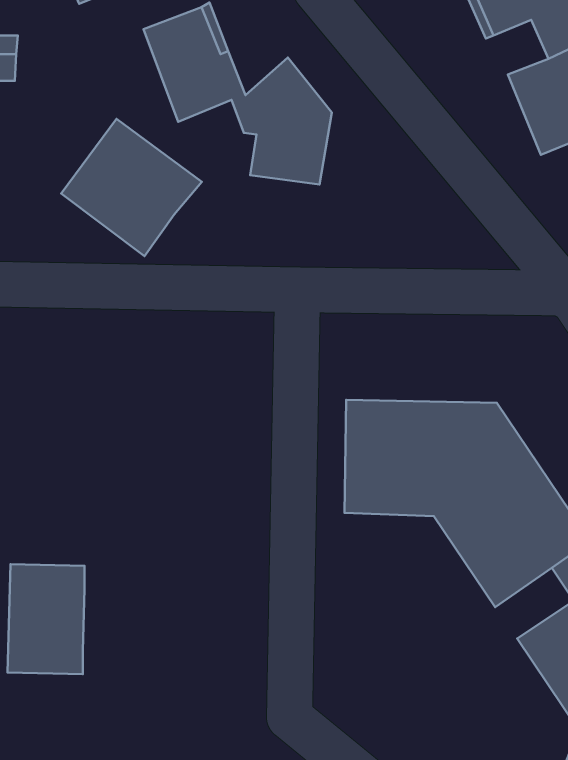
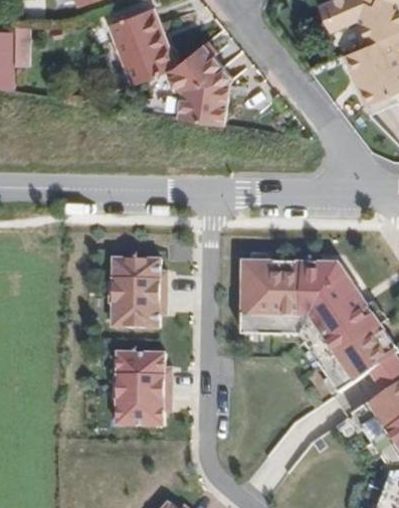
building: [61,119,202,256] -> none
building: none -> [111,258,166,327]
building: [7,564,84,674] -> [115,351,164,421]

